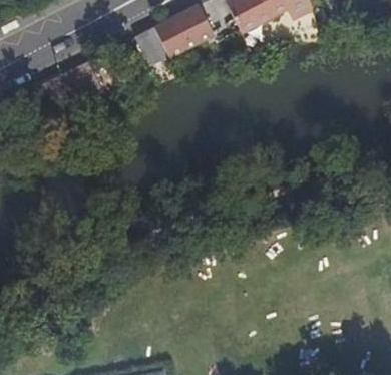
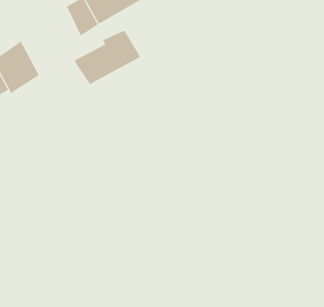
building: none -> [74,30,141,85]

